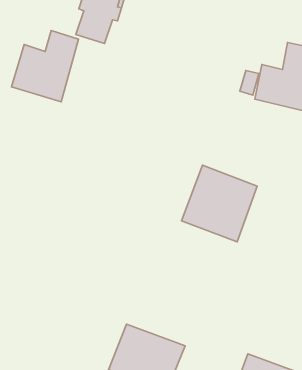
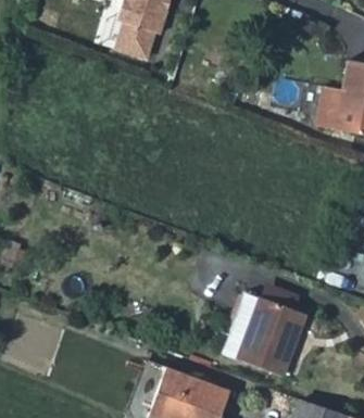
building: [11,31,78,102] -> none
building: [182,165,257,242] -> [224,290,306,373]

